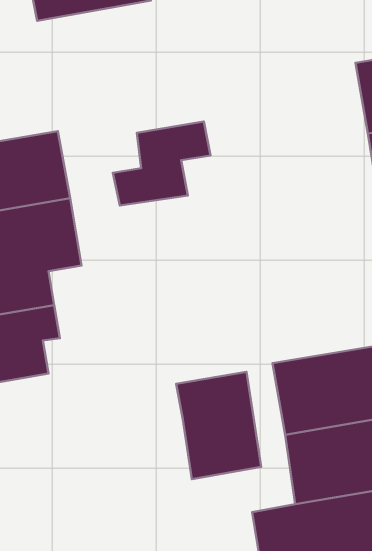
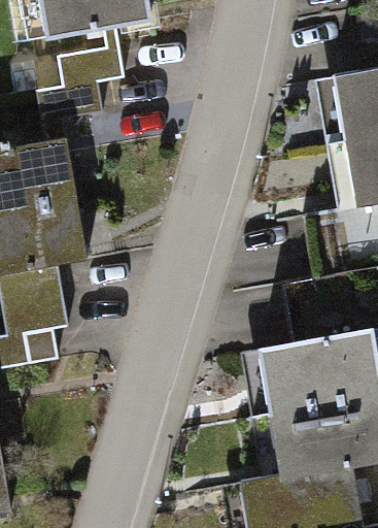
building: [113,121,211,206] -> [35,44,124,121]
building: [176,372,261,479] -> none

